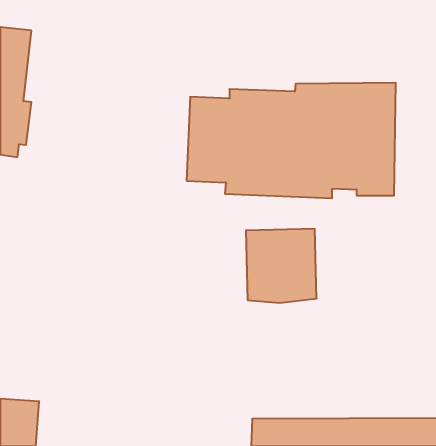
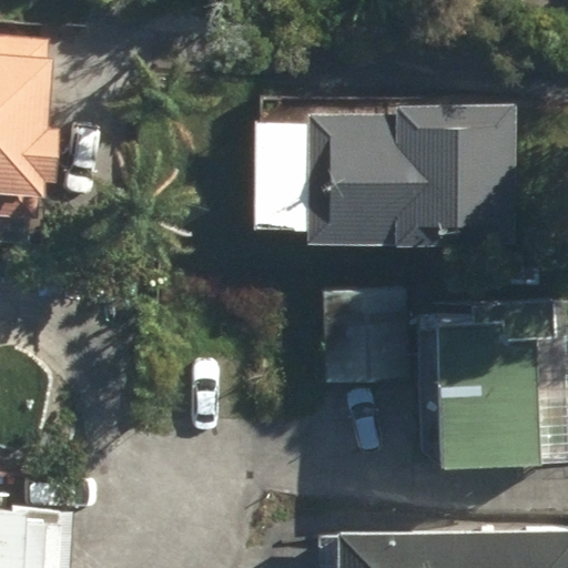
building: none -> [429,304,557,471]

